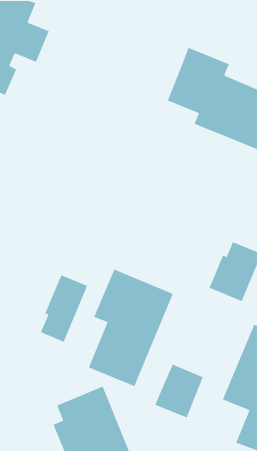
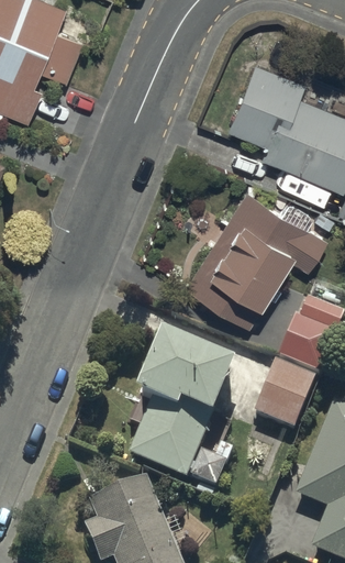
building: none -> [185,189,326,325]
building: [40,274,88,343] -> none
building: [154,364,204,419] -> [255,364,316,432]

